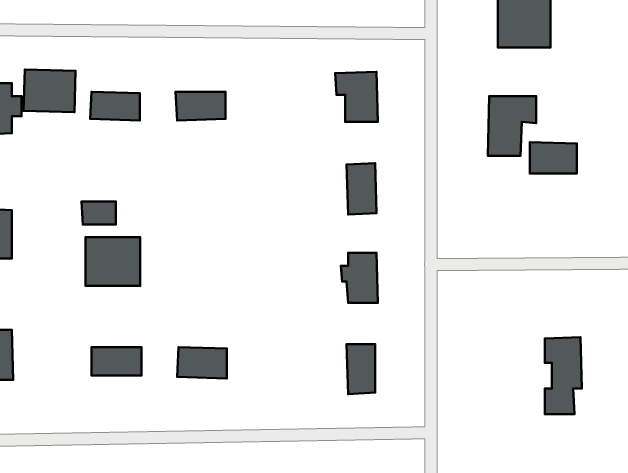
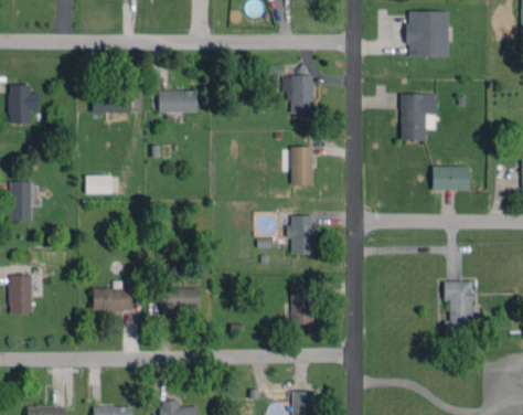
building: [24,69,76,112] -> none
building: [530,142,577,174] -> [434,166,470,190]
building: [86,237,140,286] -> none

